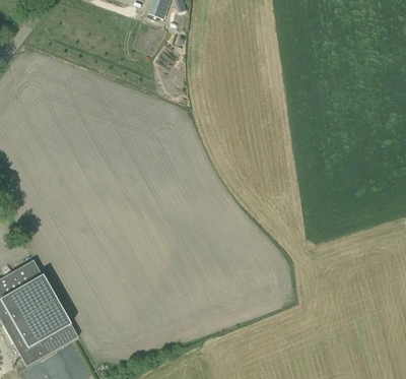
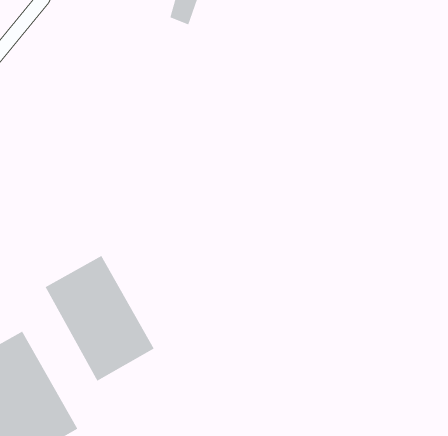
building: none -> [45,255,154,381]

